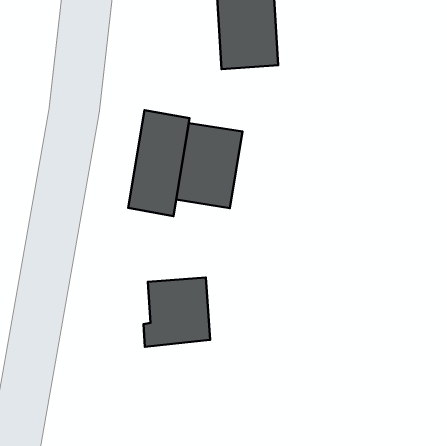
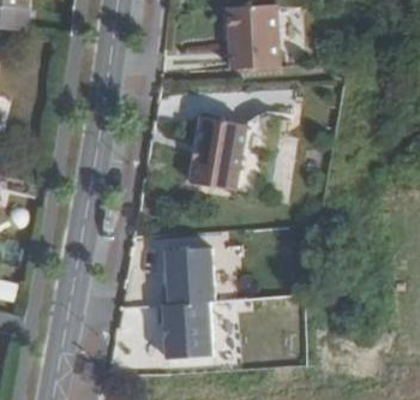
building: [128,110,190,216] -> none
building: none -> [155,303,211,362]

